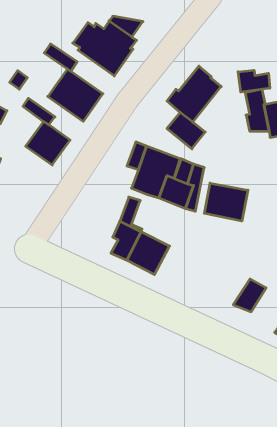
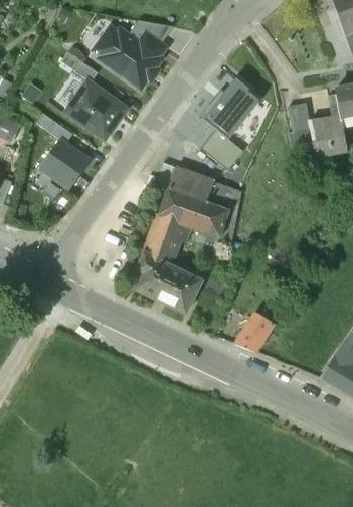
building: [238,70,270,92] -> none
building: [204,183,248,221] -> none
building: none -> [157,214,179,261]
building: [233,279,266,312] -> [236,314,274,351]

